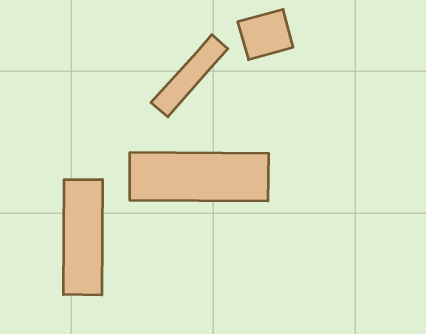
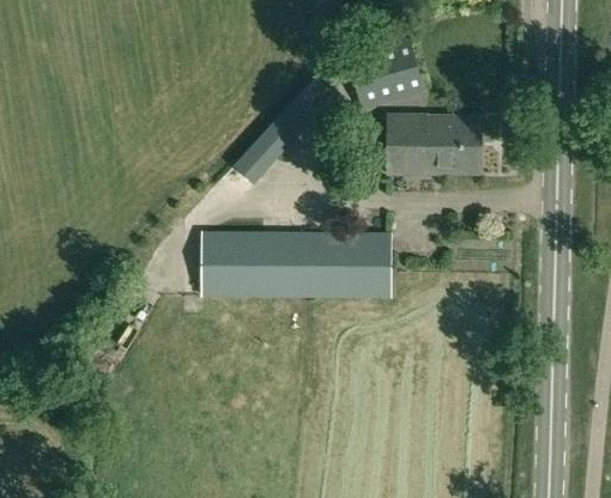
building: none -> [389,115,480,174]
building: [63,179,102,295] -> none

